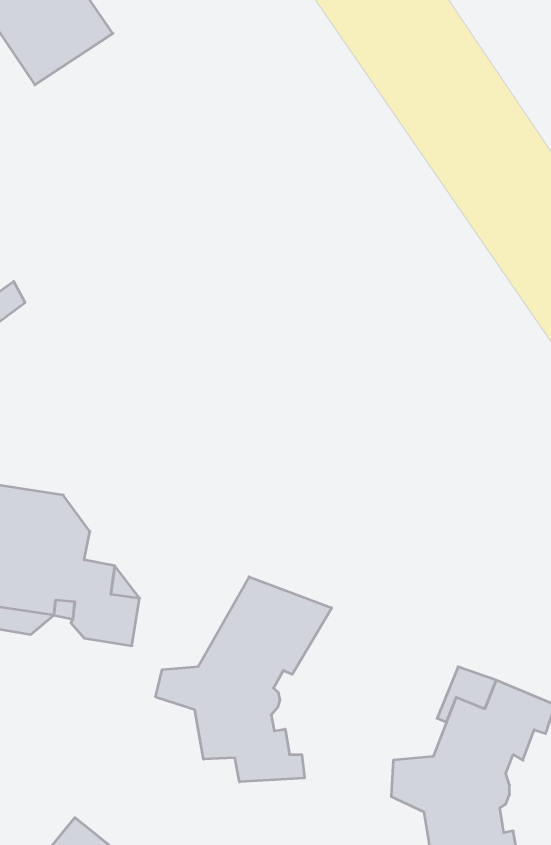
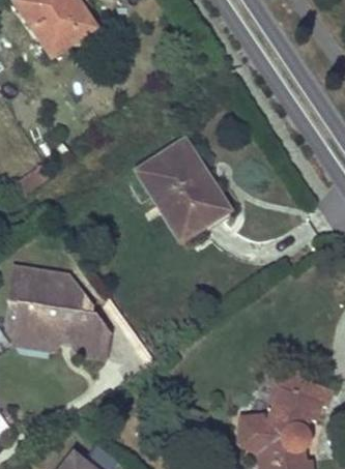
building: none -> [135,139,222,236]
building: [156,577,332,782] -> none

